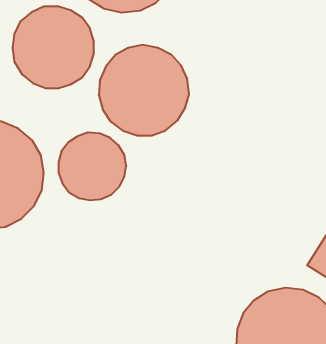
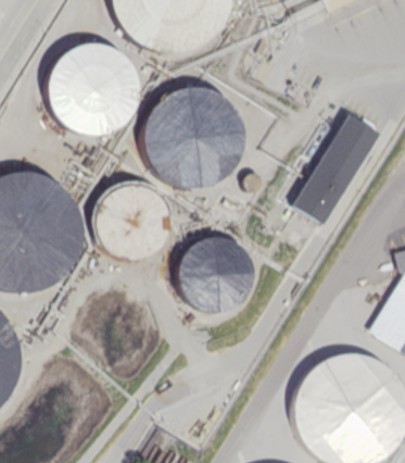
building: none -> [294,112,380,222]
building: none -> [180,235,255,310]

